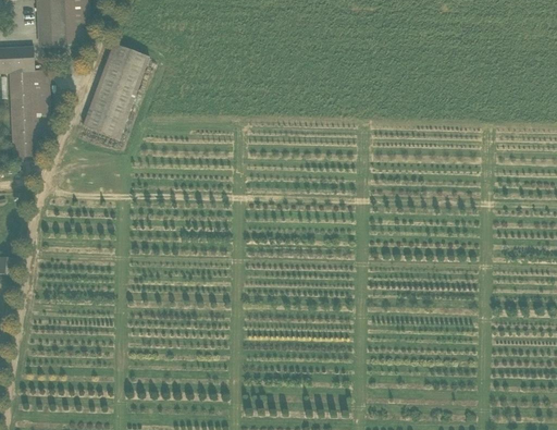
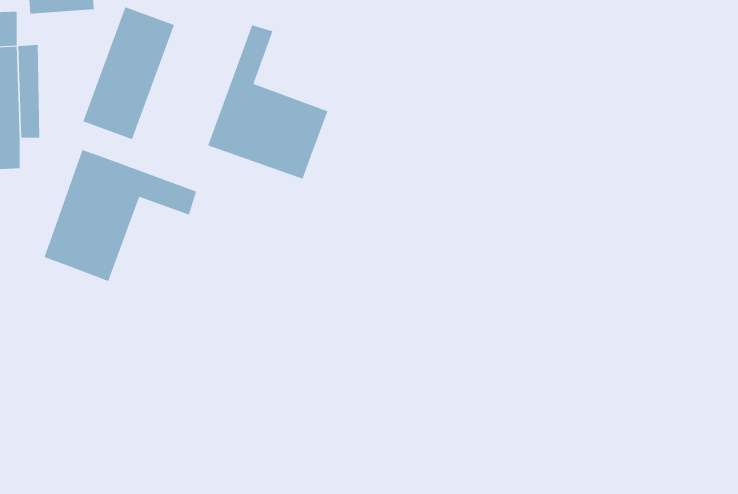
building: none -> [207,25,328,179]
building: none -> [44,149,197,282]

